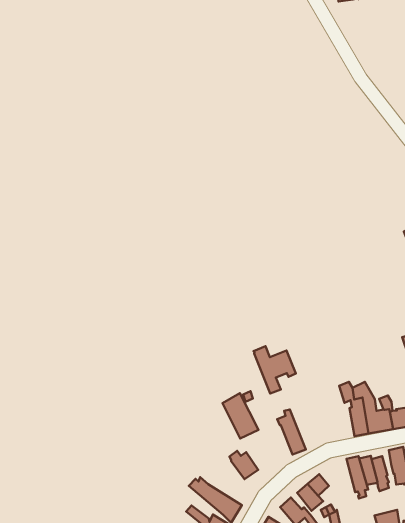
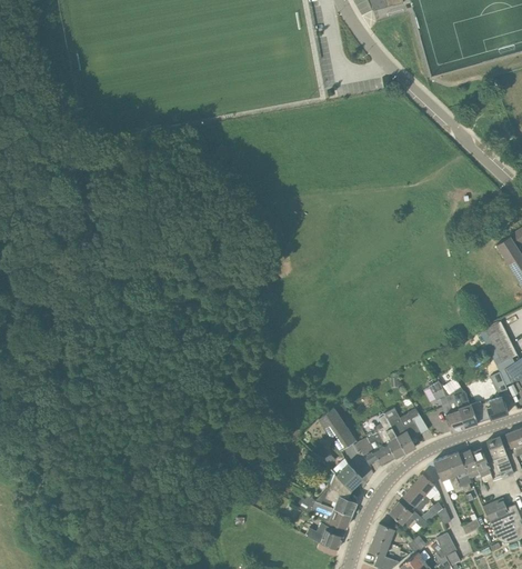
building: [253,346,296,394] -> [384,407,429,452]
building: none -> [358,432,394,466]
building: none -> [434,456,465,493]
building: none -> [317,475,357,516]

